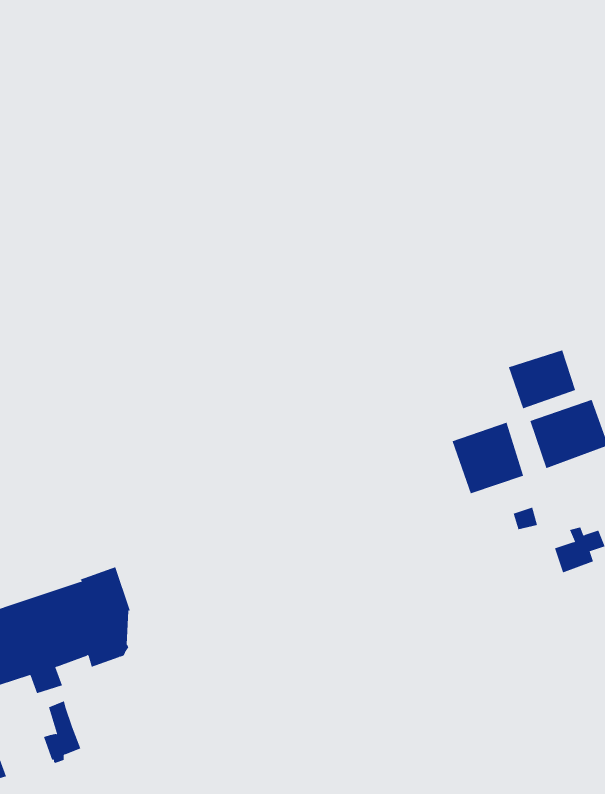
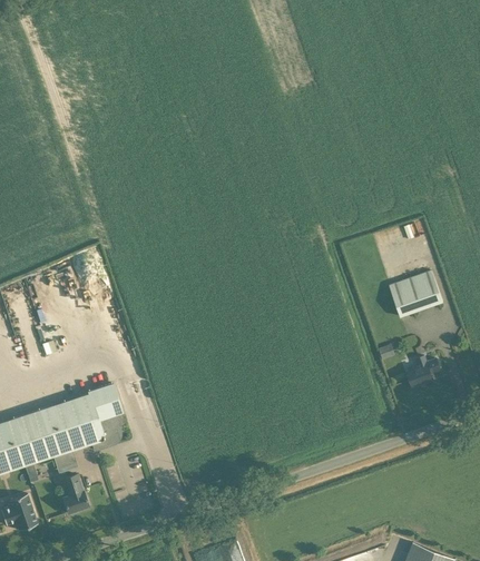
building: [508,350,576,409] -> none
building: [452,422,524,494] -> none

